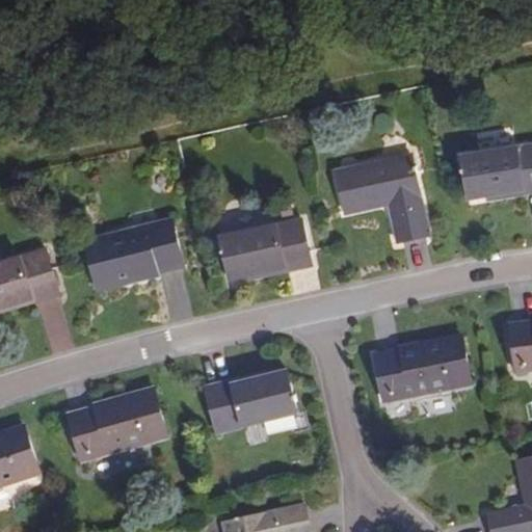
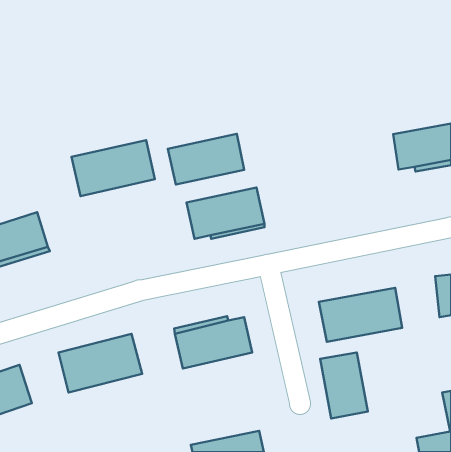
building: [335,155,427,241] -> none
building: none -> [168,134,244,184]
building: [84,220,182,286] -> [72,140,155,196]
building: none -> [320,352,368,418]

